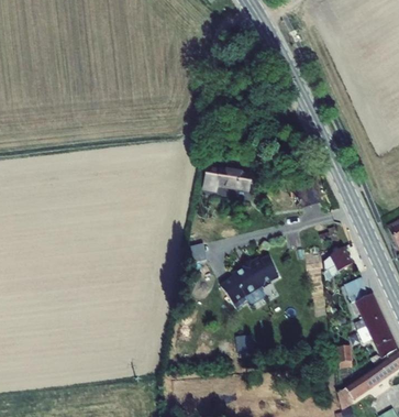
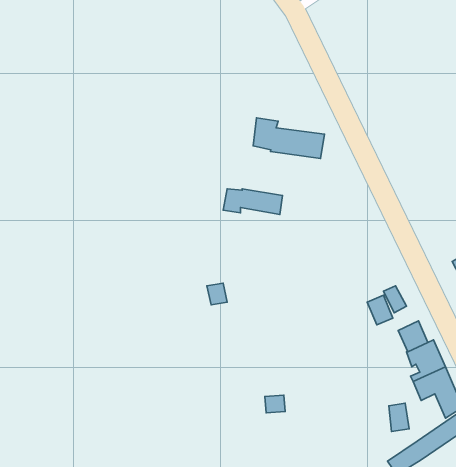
building: none -> [253,118,325,158]
building: [224,265,281,315] -> none

